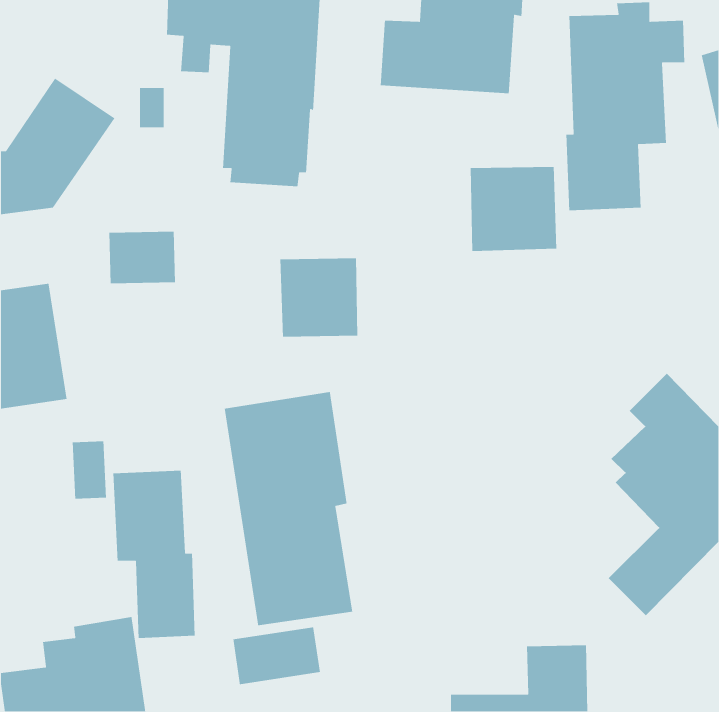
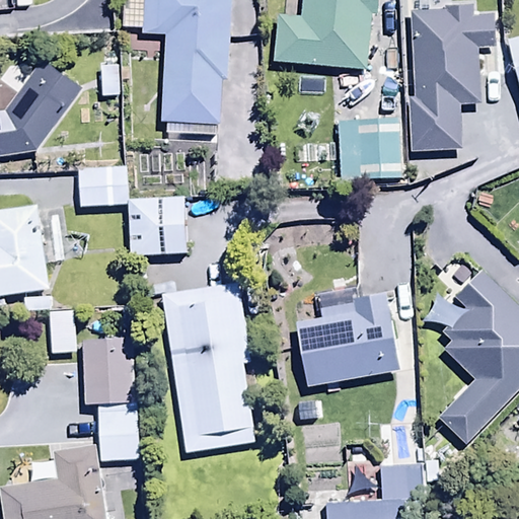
building: [279,257,358,338] -> [129,197,186,254]
building: none -> [295,287,399,386]
building: [232,626,321,685] -> none

